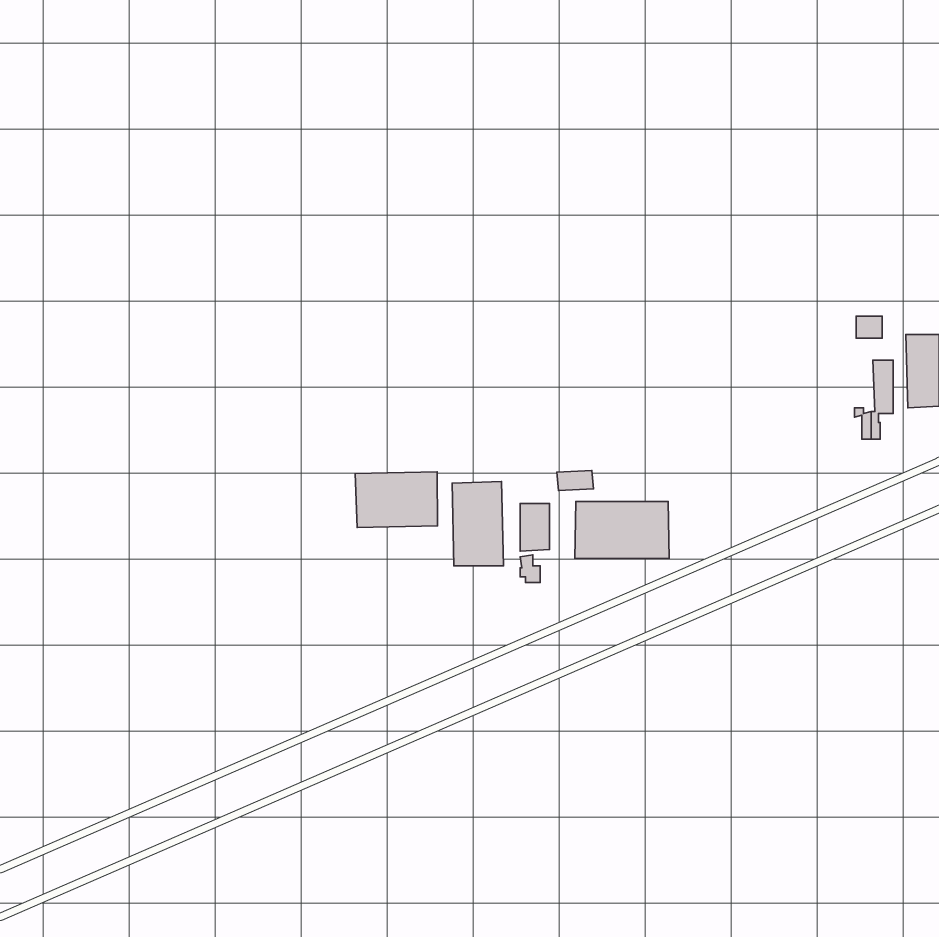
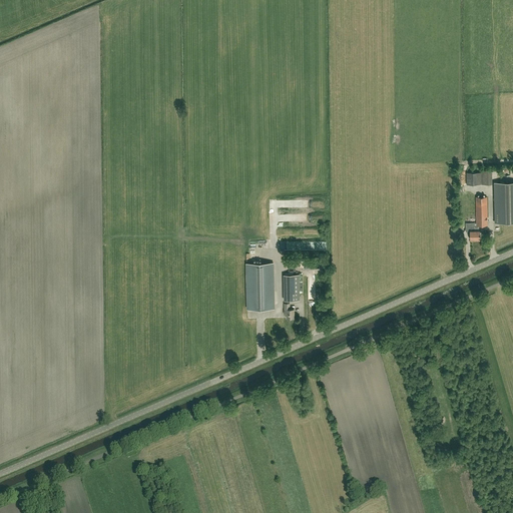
building: [355,472,438,527] -> none
building: [575,501,669,559] -> none

